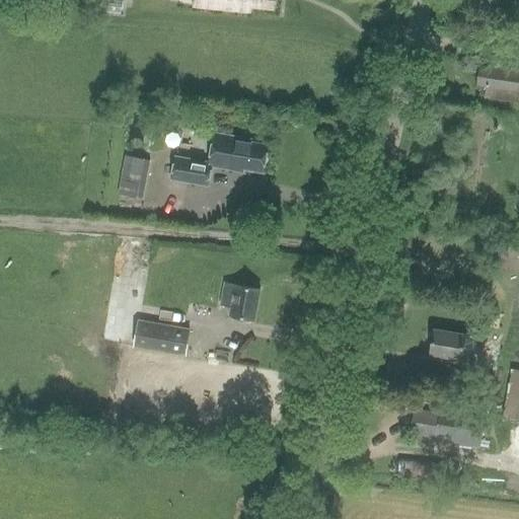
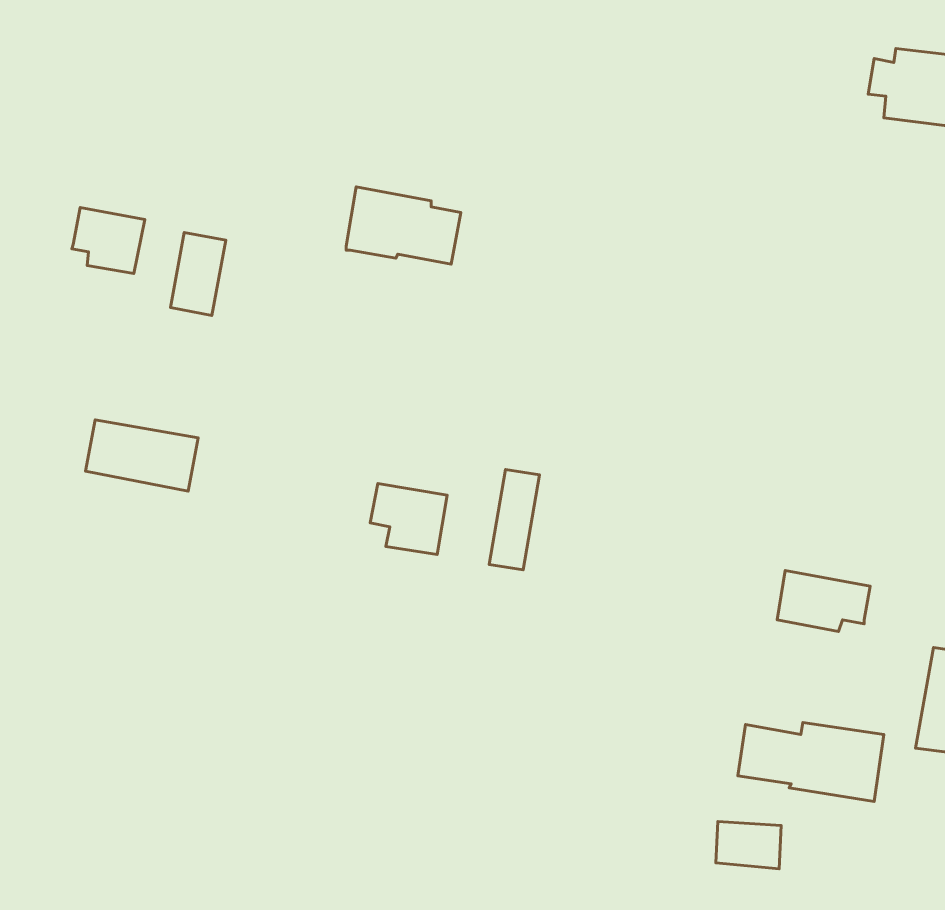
building: none -> [72,208,145,274]
building: [171,156,211,184] -> none
building: none -> [489,469,540,570]
building: [133,319,191,356] -> [85,420,198,491]

